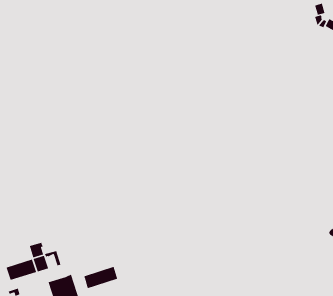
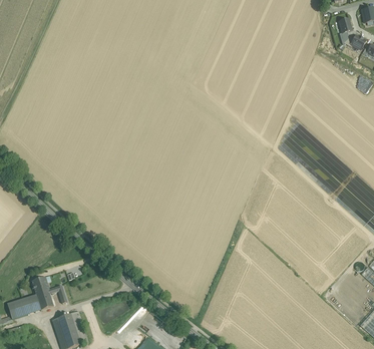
building: [83,266,118,289] -> none

